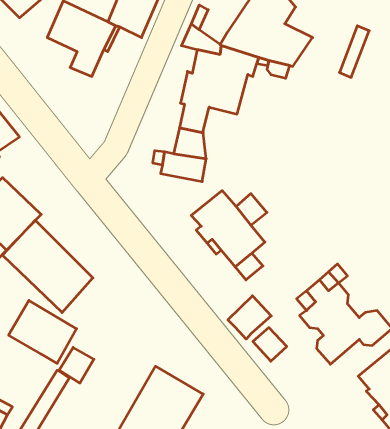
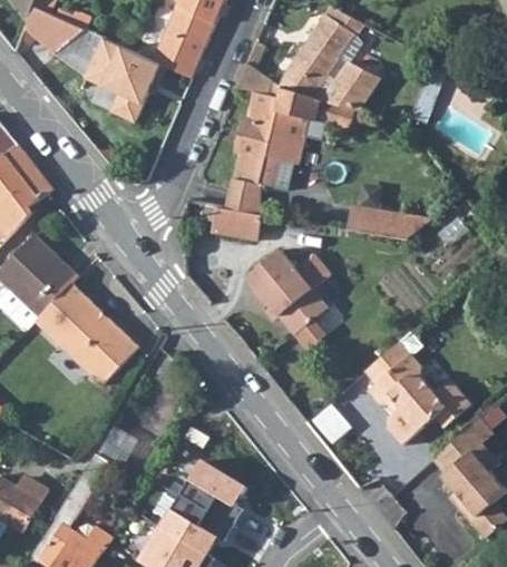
building: none -> [348,206,430,238]
building: [228,296,271,339] -> none
building: [9,300,77,363] -> none

